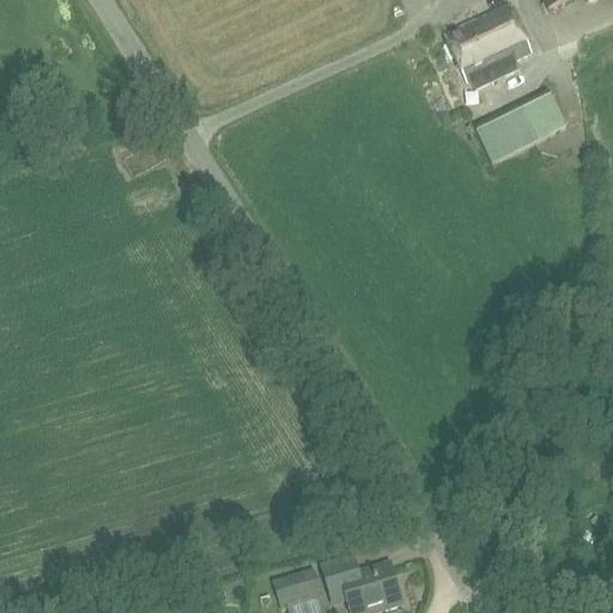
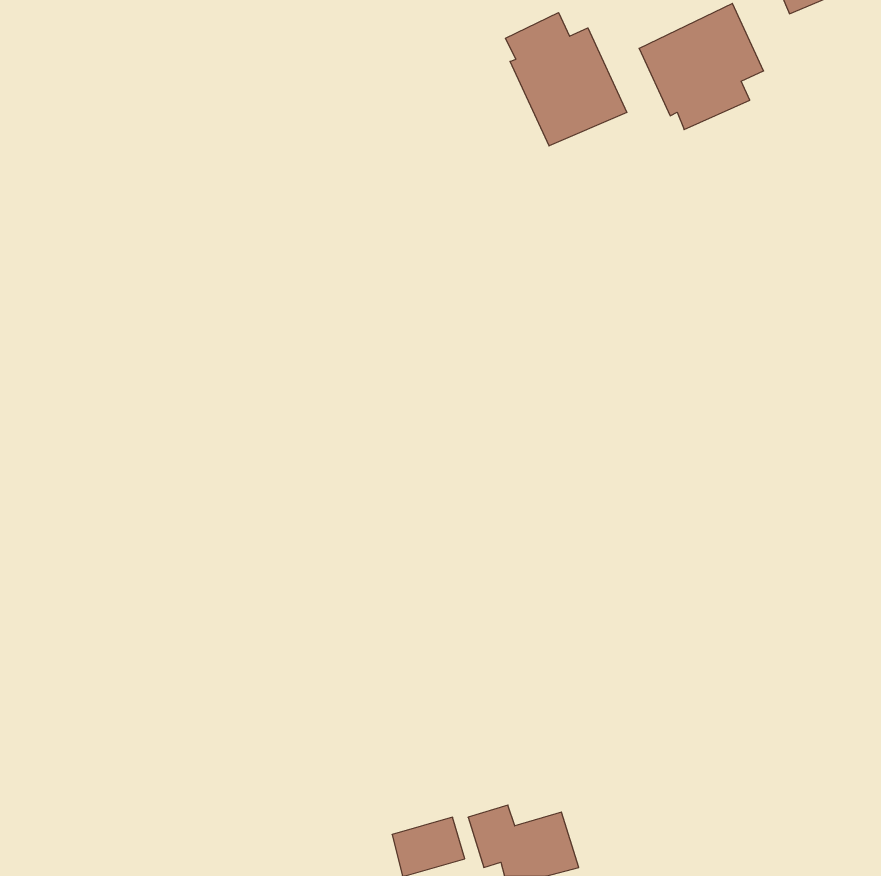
building: none -> [505,13,627,146]
building: [473,90,565,164] -> none

